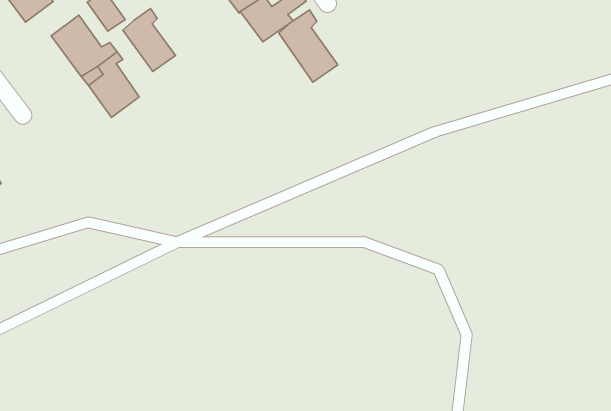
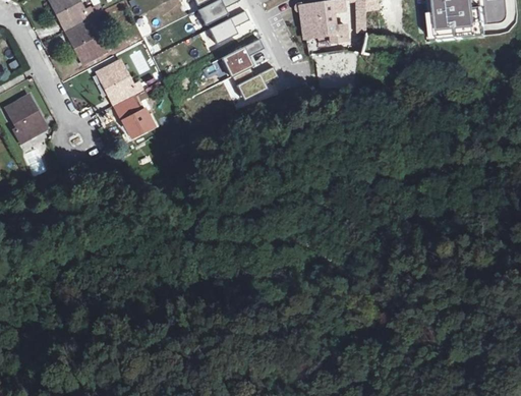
building: [123,9,175,72] -> none
building: [279,10,338,82] -> none

